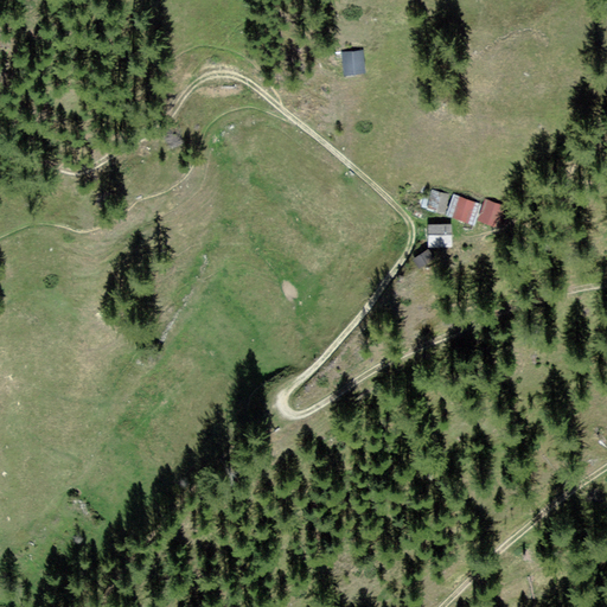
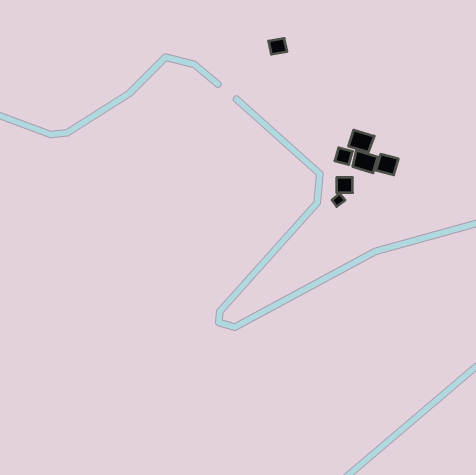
building: none -> [349,130,374,152]

